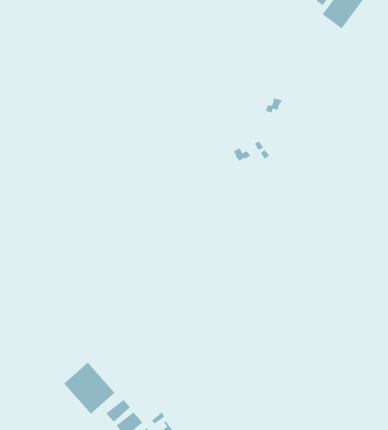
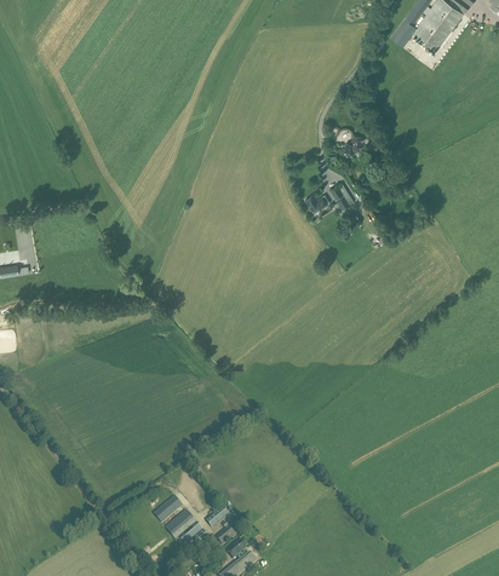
building: [64,362,115,415] -> none

